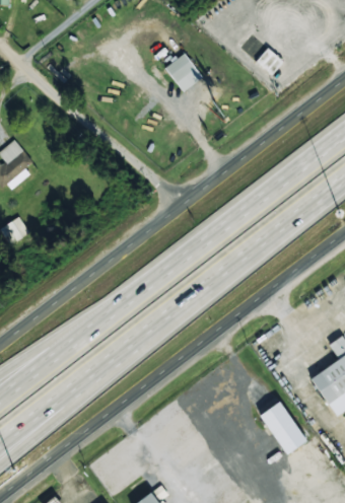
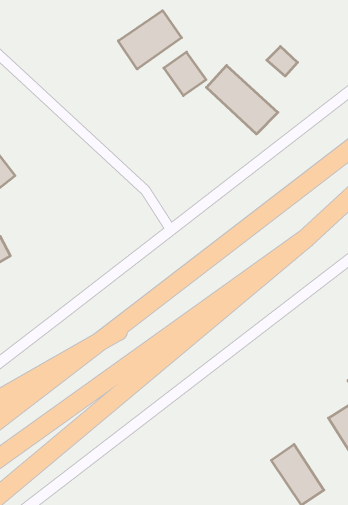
building: none -> [118,11,182,69]
building: none -> [206,65,278,134]

